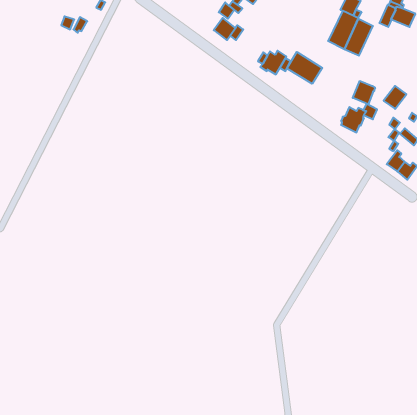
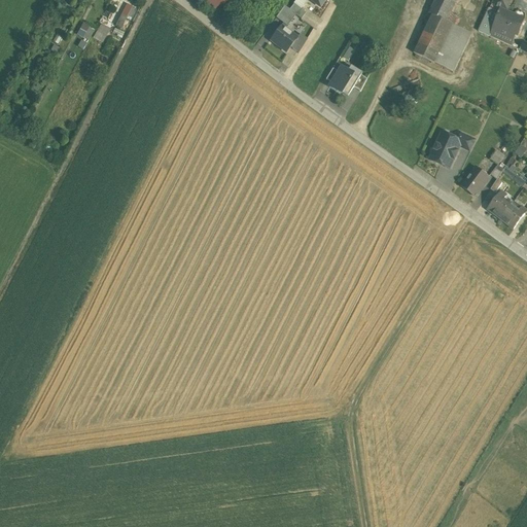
building: [287,52,322,84] -> none
building: [353,81,375,105] -> none
building: [384,86,406,109] -> [461,166,490,195]

